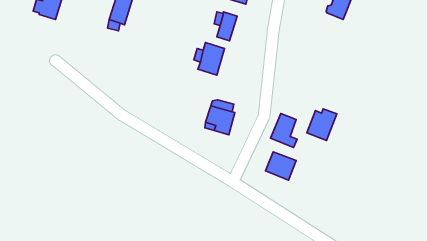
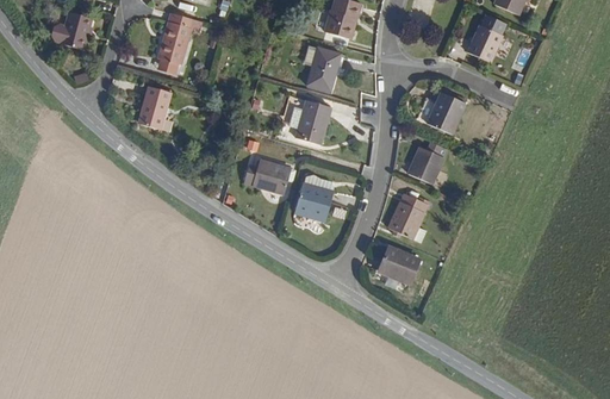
building: none -> [427,92,463,133]
building: none -> [142,94,173,136]
building: none -> [243,156,293,192]
building: [307,109,337,140] -> [405,139,447,183]

